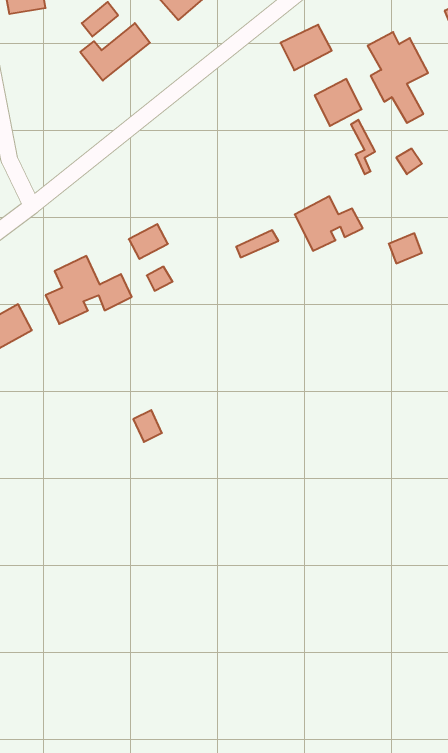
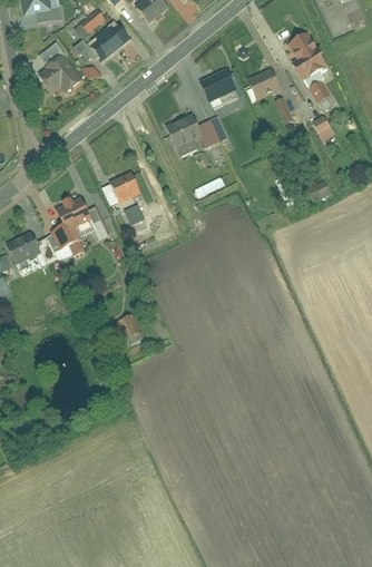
building: [280,25,332,70] -> [198,70,236,104]
building: none -> [40,41,84,89]
building: [295,196,363,251] -> [169,109,219,149]

